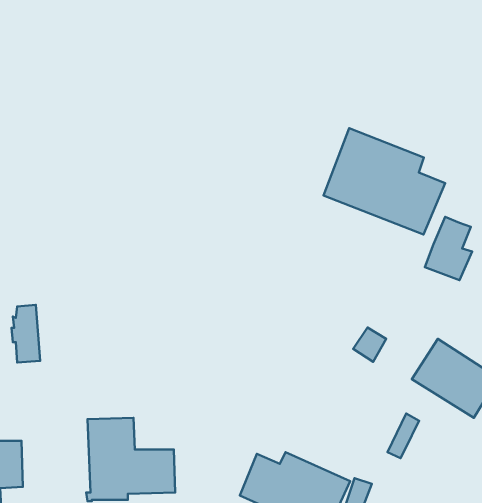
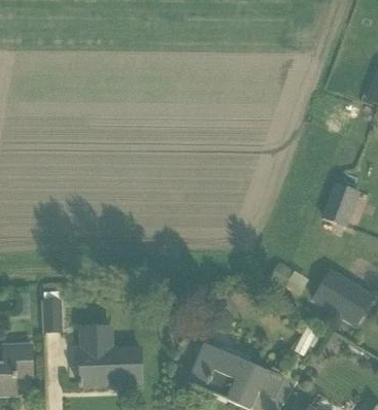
building: [323,128,445,235] -> none
building: [11,305,40,362] -> [41,291,62,332]

